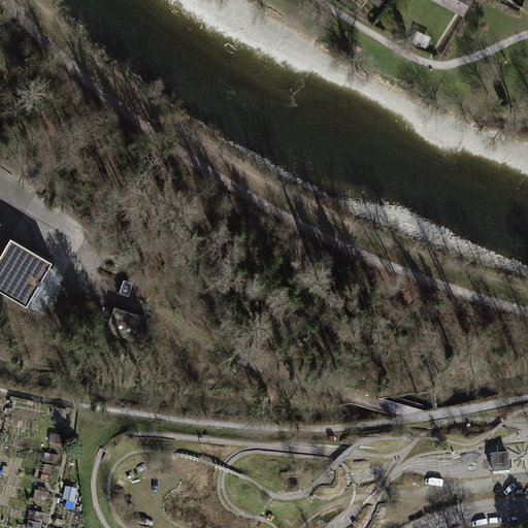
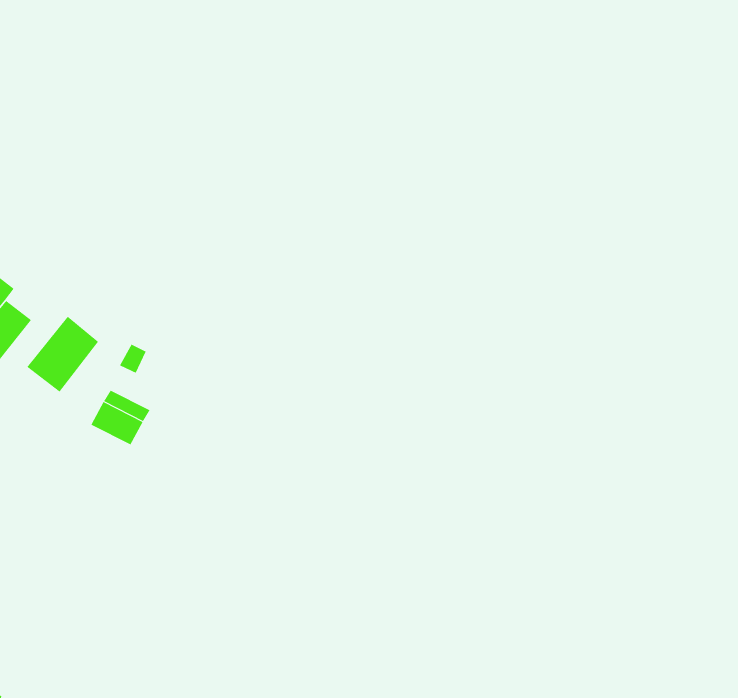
building: none -> [27,316,99,392]

